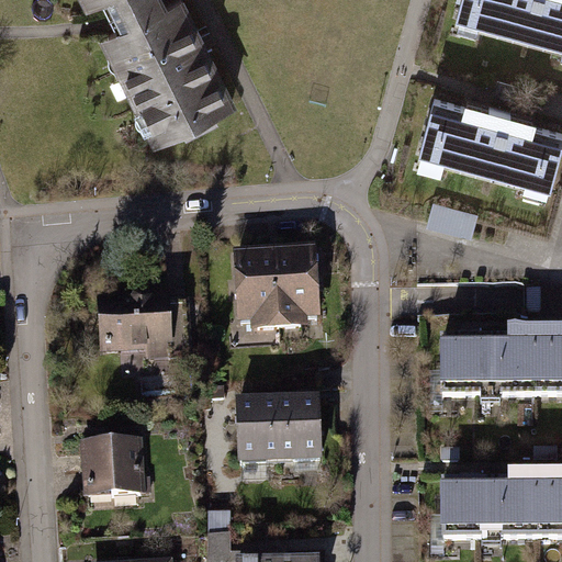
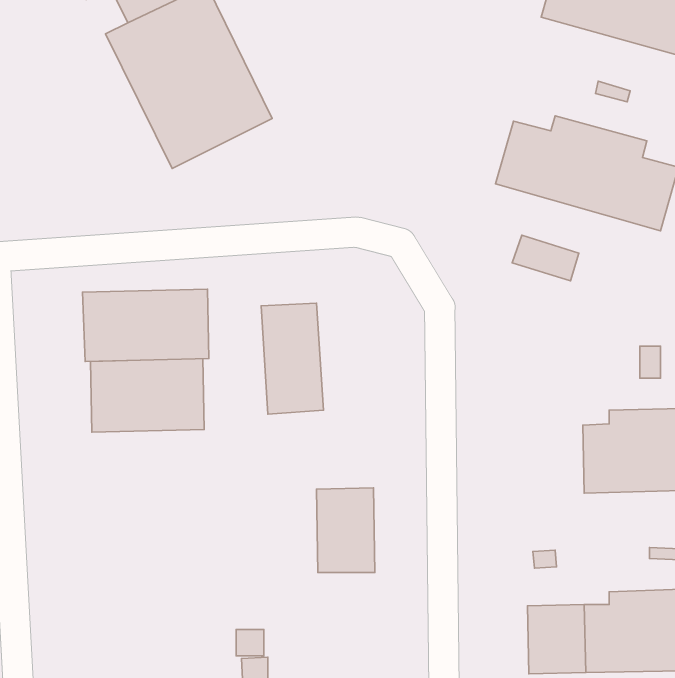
building: none -> [82,289,209,361]
building: [273,243,321,330] -> none
building: [439,342,485,396] -> none
building: [233,393,274,460] -> none
building: [81,436,143,502] -> none

